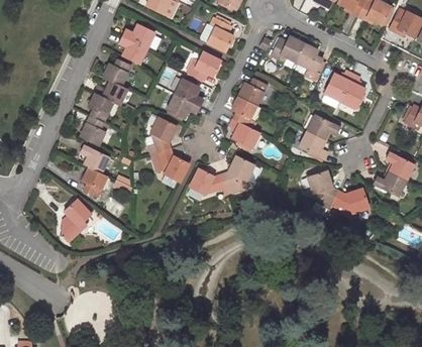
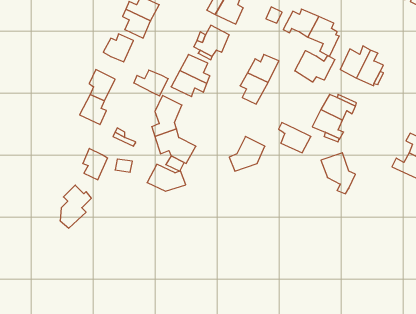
building: none -> [295,51,335,82]
building: [95,81,127,105] -> [134,70,168,96]
building: [229,119,259,147] -> [279,123,311,153]
building: [80,145,108,172] -> none
building: [189,168,225,194] -> [147,164,186,191]
building: [332,188,368,214] -> none

